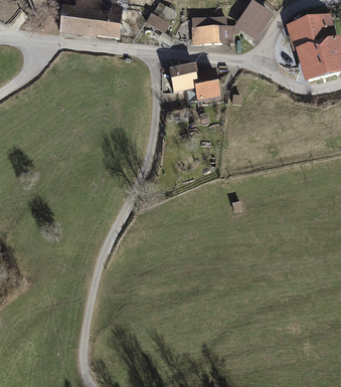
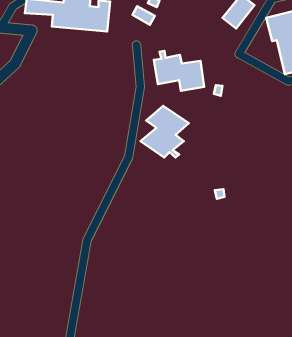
building: [190,15,236,43] -> none
building: none -> [140,106,189,157]

